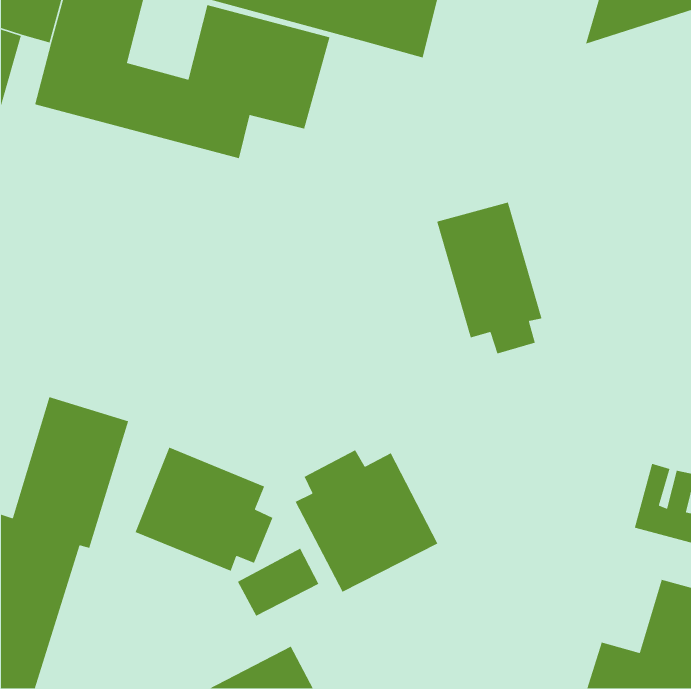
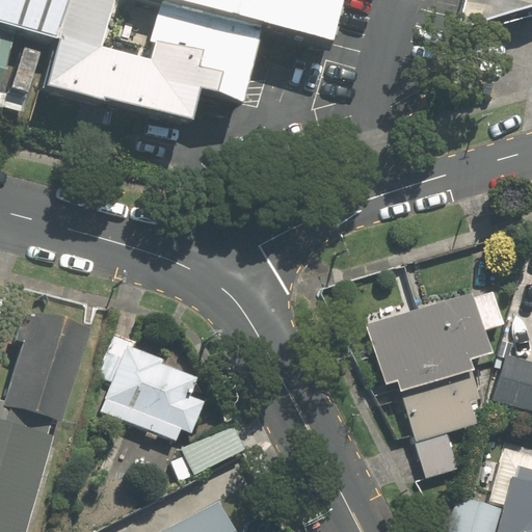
building: [436,201,542,355] -> none
building: none -> [361,291,499,480]
building: [295,449,439,593] -> none

